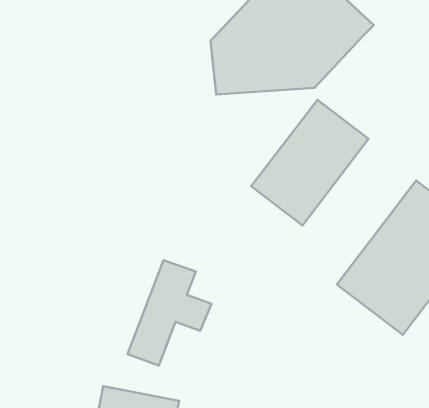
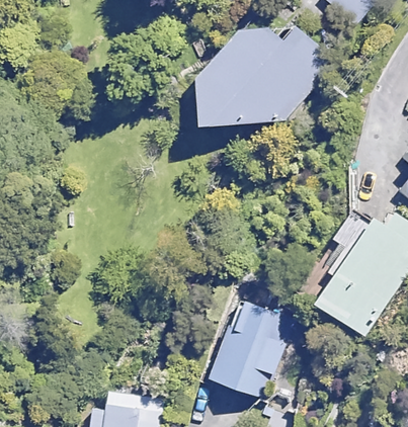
building: [251,100,369,225] -> none
building: [128,260,211,365] -> [210,304,285,399]

